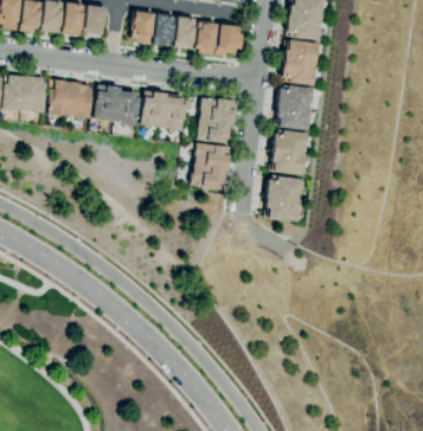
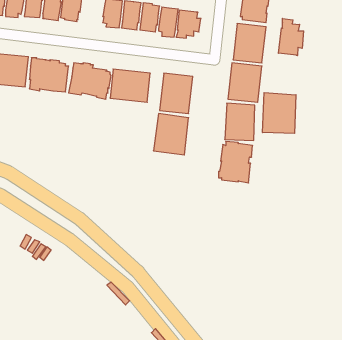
building: none -> [278,18,304,56]
building: none -> [263,93,296,133]

